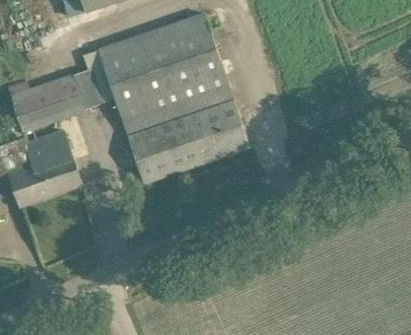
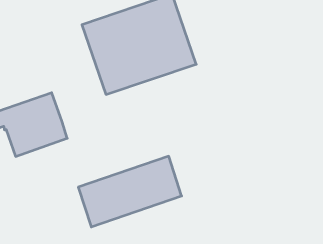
building: [7,69,102,131] -> none
building: [127,100,249,184] -> [78,156,182,227]

